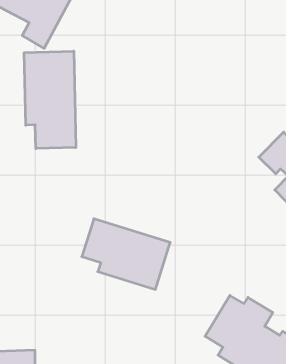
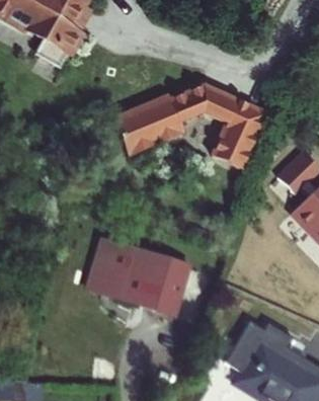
building: [24,51,76,149] -> none
building: none -> [126,79,271,163]

